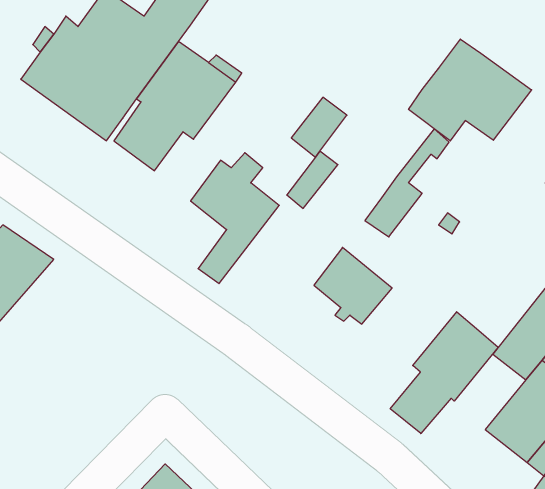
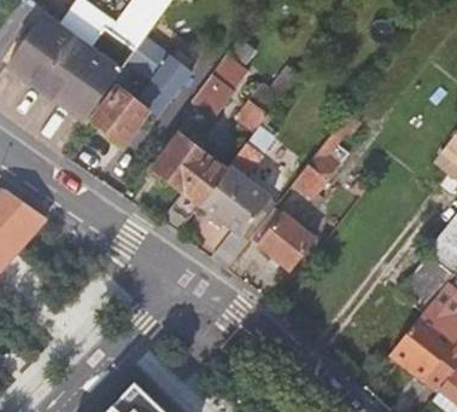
building: [409,39,532,141] -> none
building: none -> [189,58,245,121]
building: none -> [201,169,277,269]
building: [390,312,498,434] -> none

